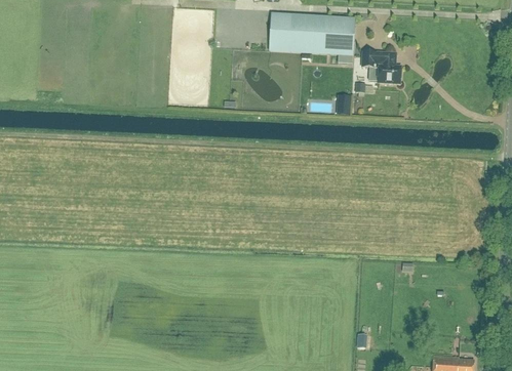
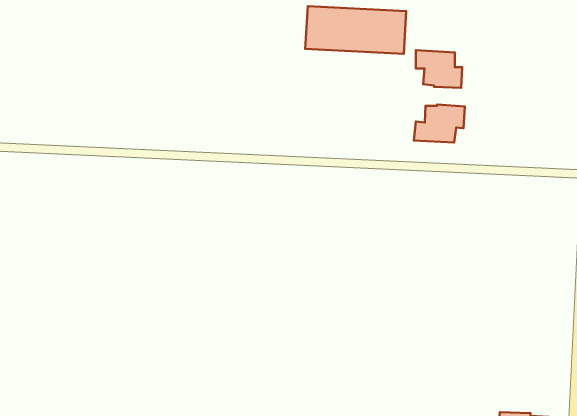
building: none -> [414,105,465,143]

